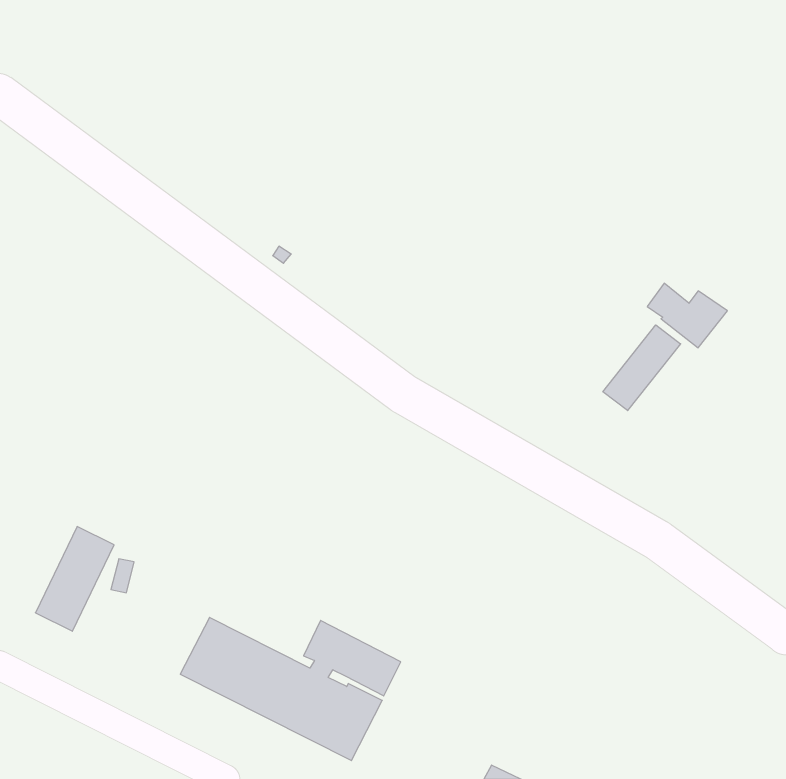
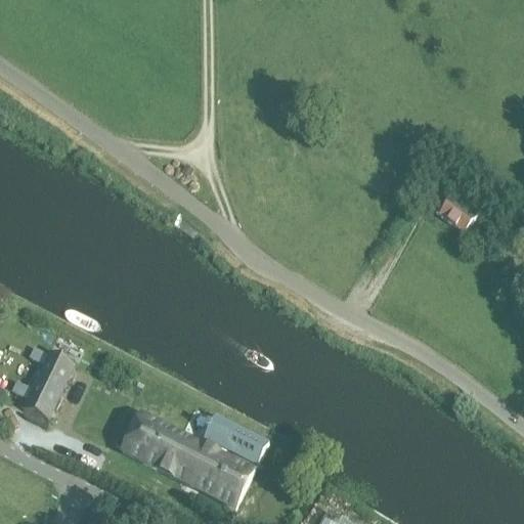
building: [603,325,681,411] -> none

